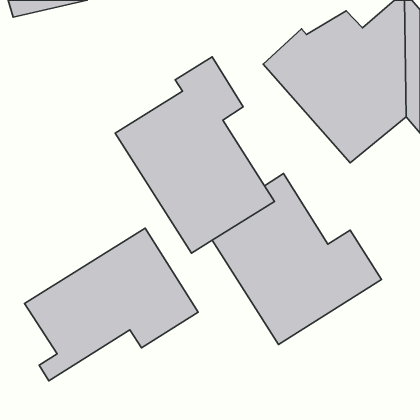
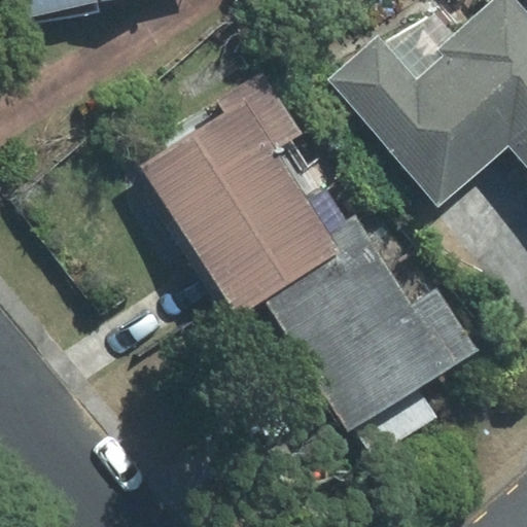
building: [24,228,198,381] -> none

